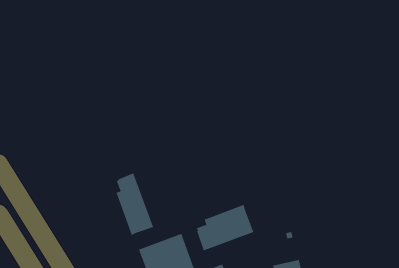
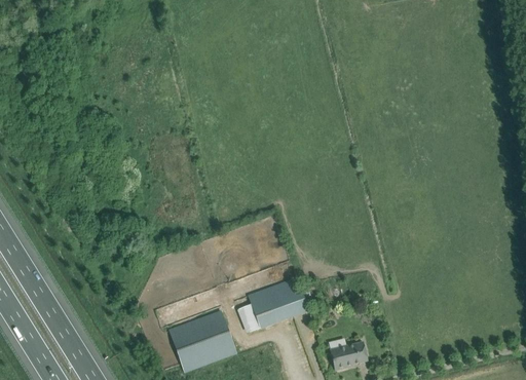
building: [116,172,154,236] -> none

